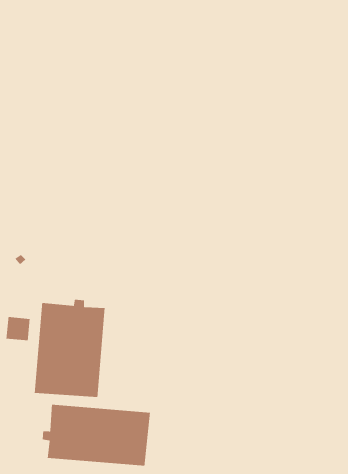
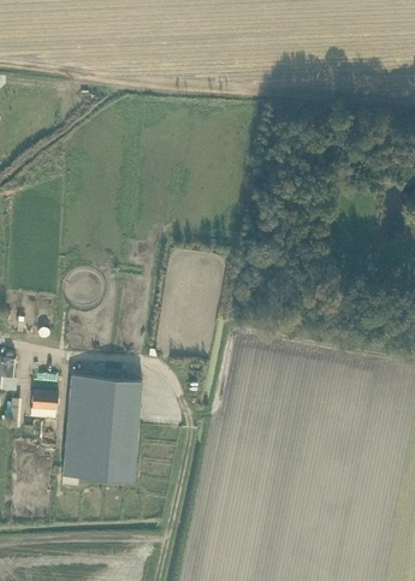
building: [42,404,151,467] -> none

